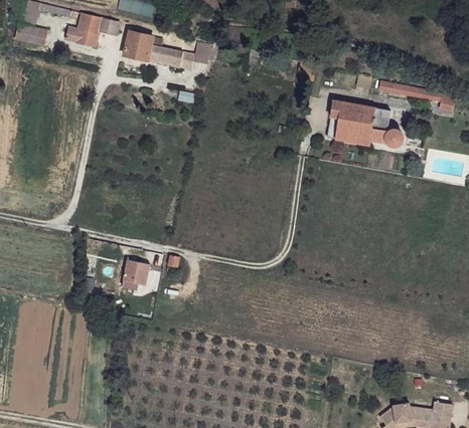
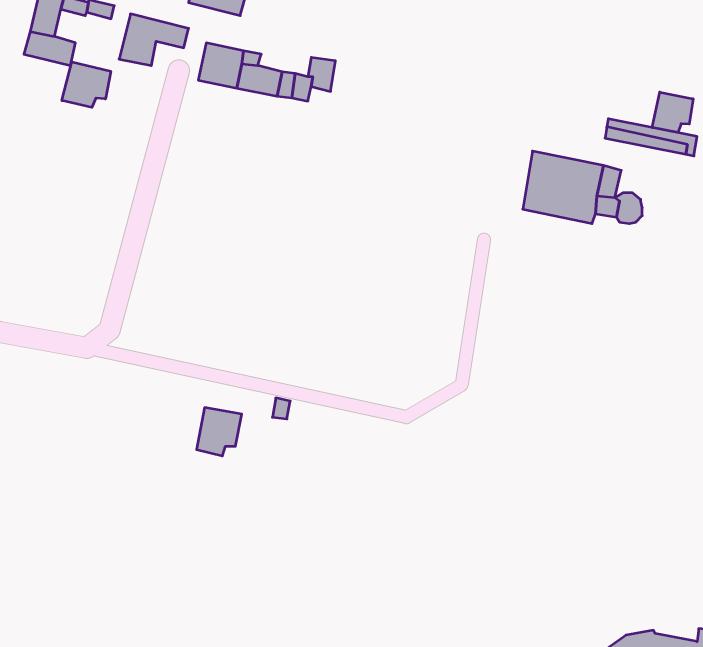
building: none -> [62,62,111,107]
building: none -> [652,92,693,132]

